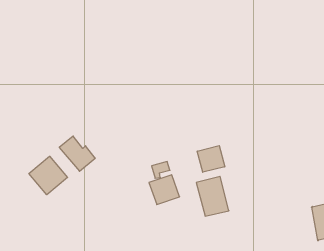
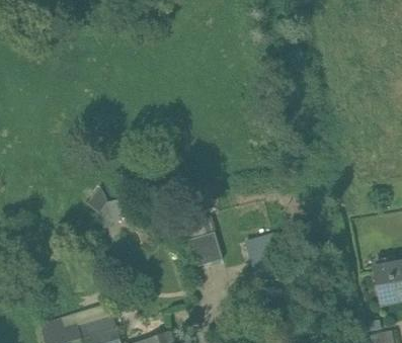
building: [197,146,225,172] -> none
building: [29,156,68,195] -> none

